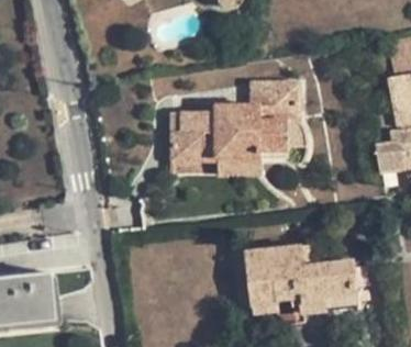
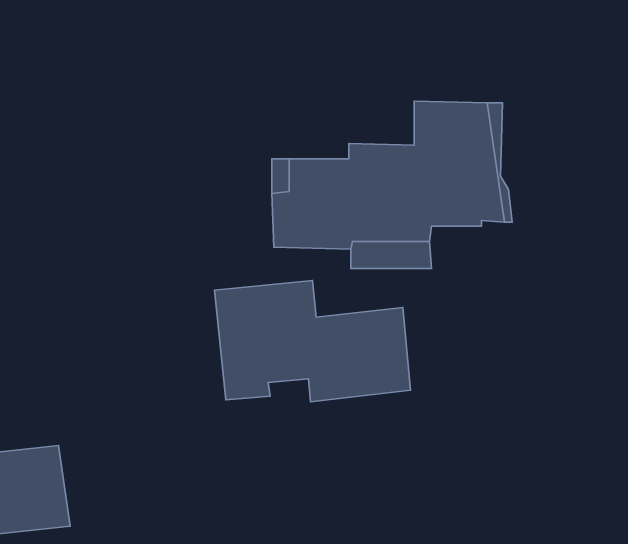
building: [247,246,359,315] -> [214,281,410,402]

